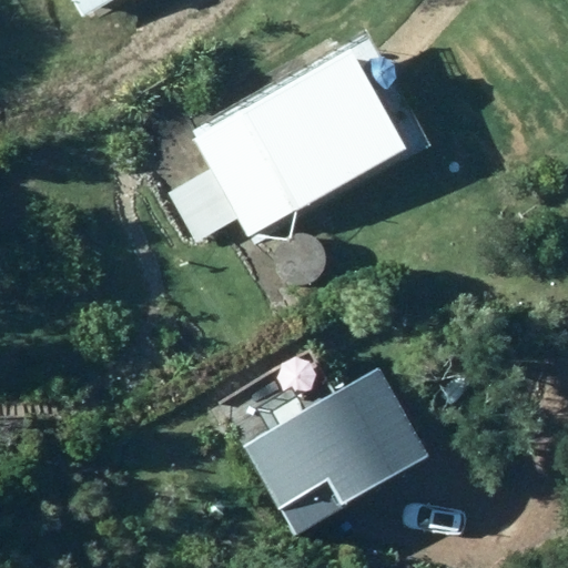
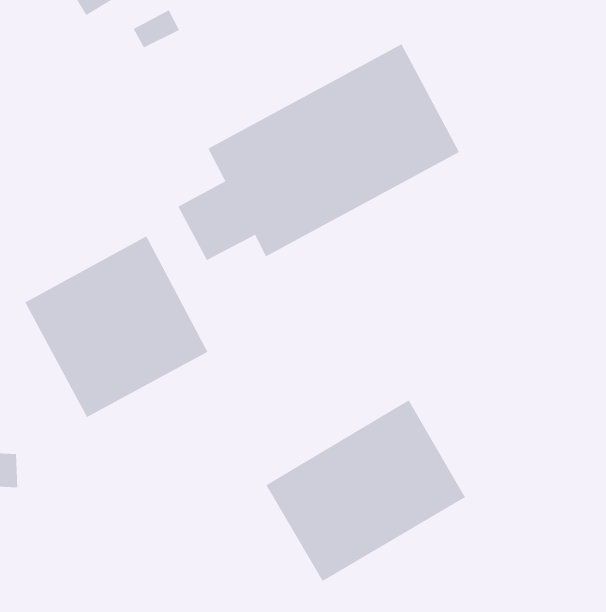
building: none -> [24,236,208,418]

